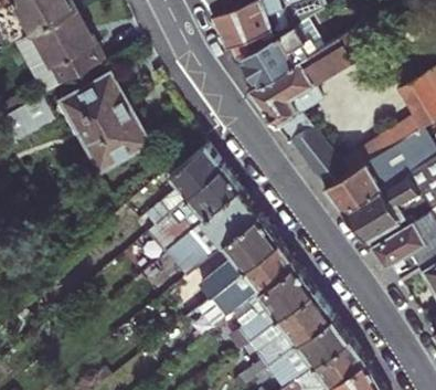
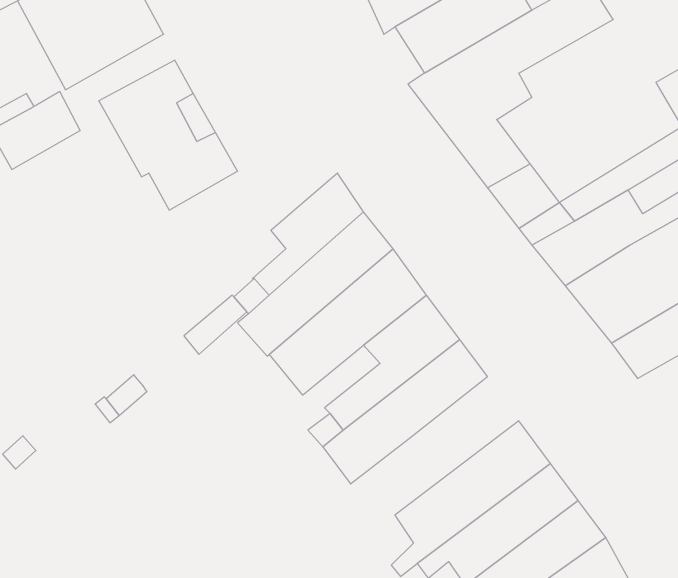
building: [217,266,315,357] -> none

